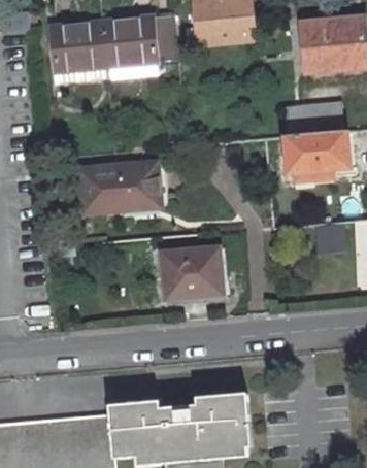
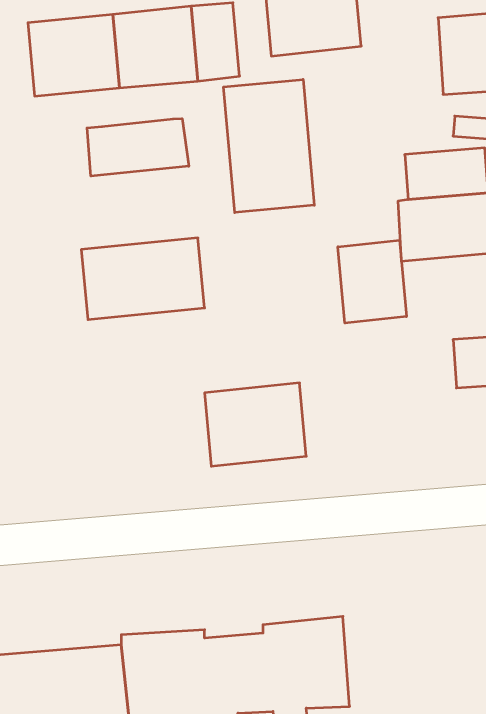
building: none -> [224,79,314,213]
building: none -> [87,119,189,176]
building: none -> [338,240,406,323]

